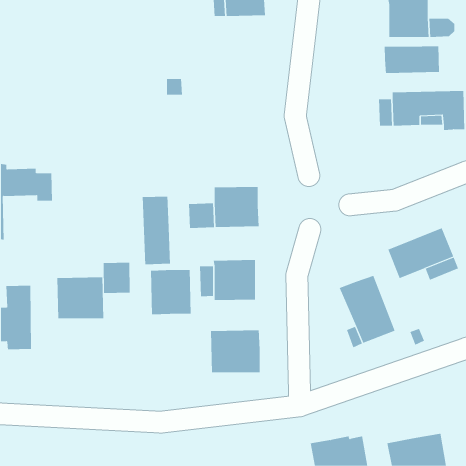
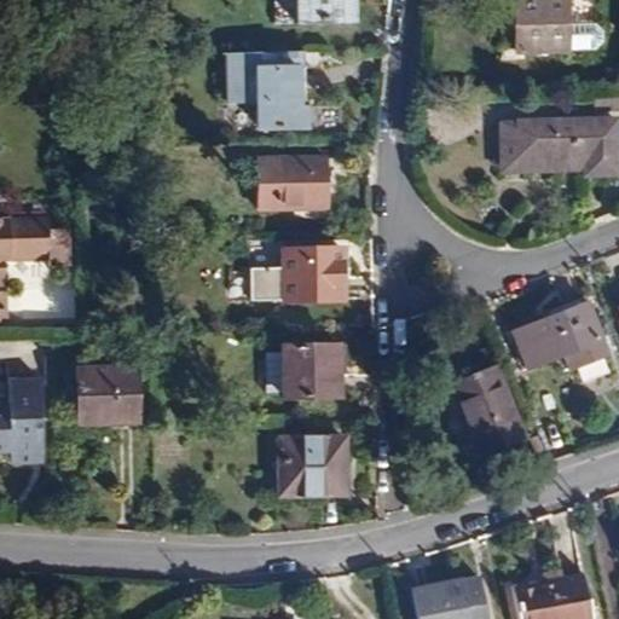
building: none -> [230,50,306,128]
building: [384,46,440,74] -> none
building: none -> [256,156,346,209]
building: [142,196,170,265] -> none
building: [103,262,130,294] -> none
building: [151,269,191,315] -> none

